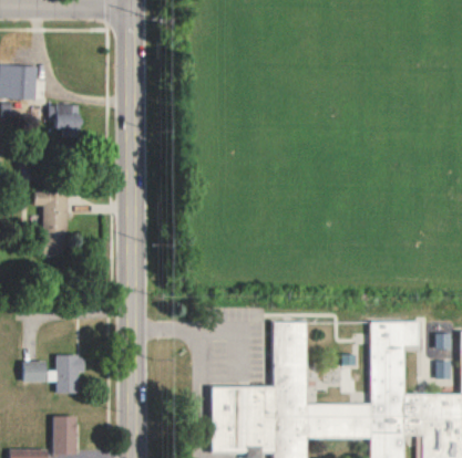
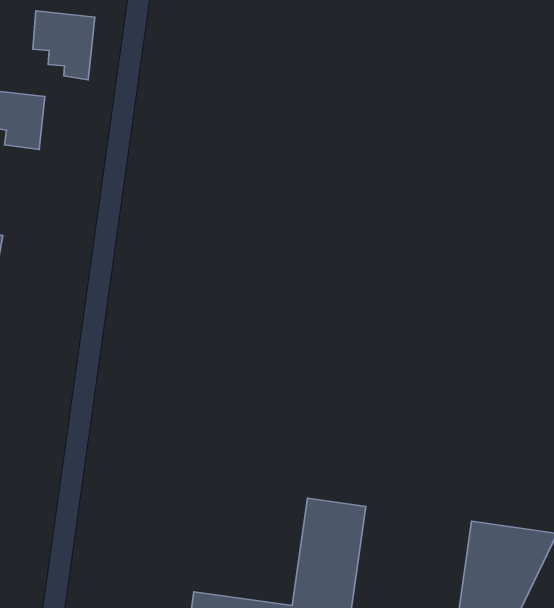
building: none -> [33,11,95,80]

